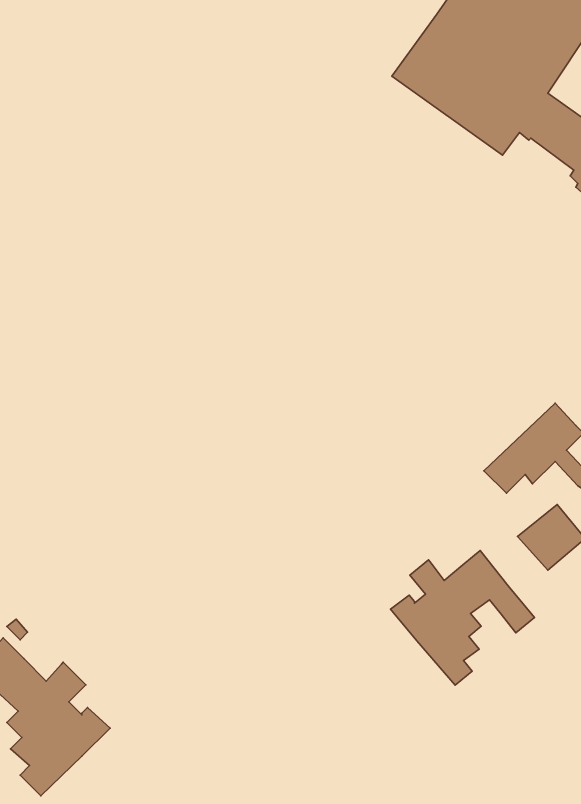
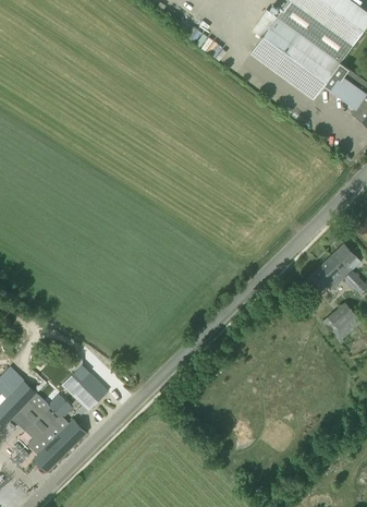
building: [390,550,534,685] -> none
building: none -> [62,364,107,410]

